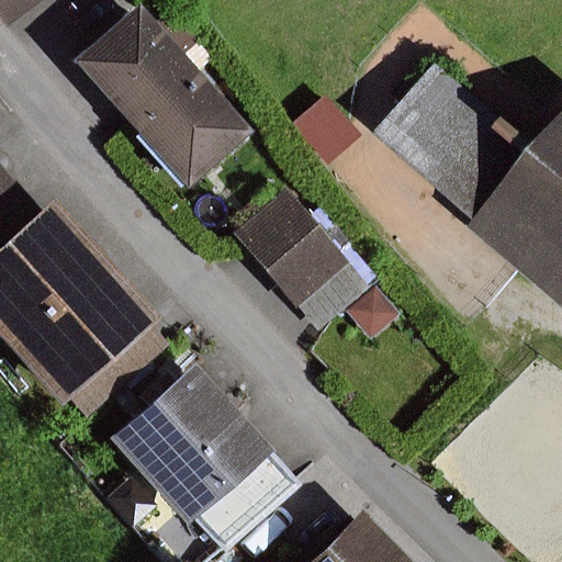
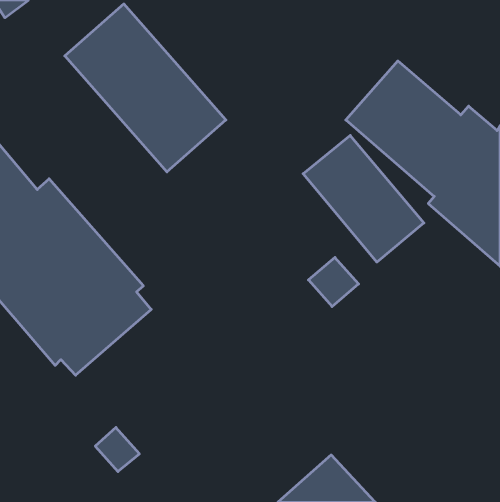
building: [234,190,369,331] -> [303,135,424,262]
building: [109,363,301,553] -> none

